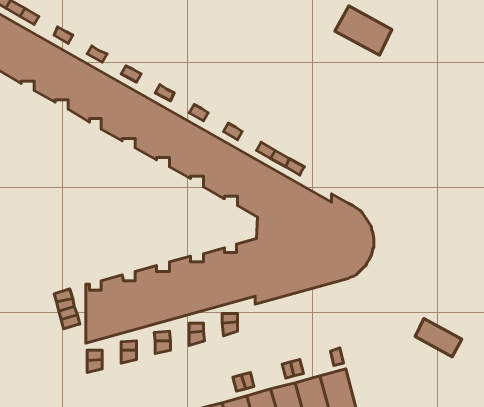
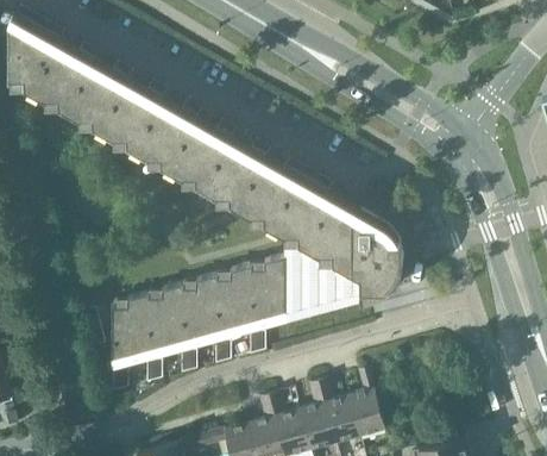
building: [335,6,392,55] -> none
building: [415,319,462,357] -> none

